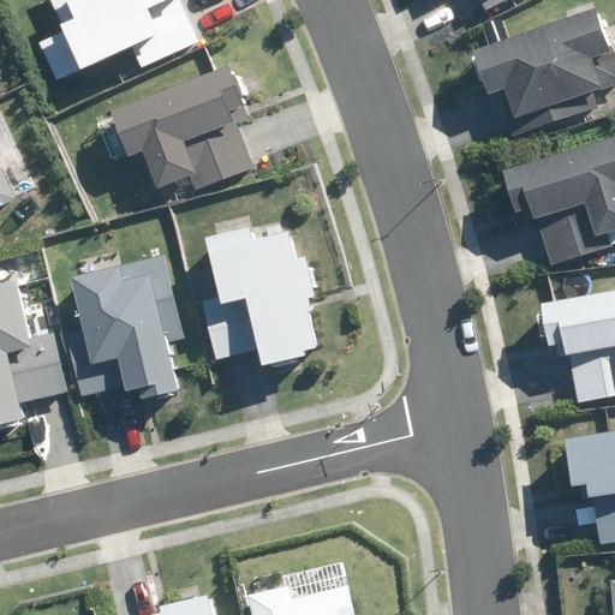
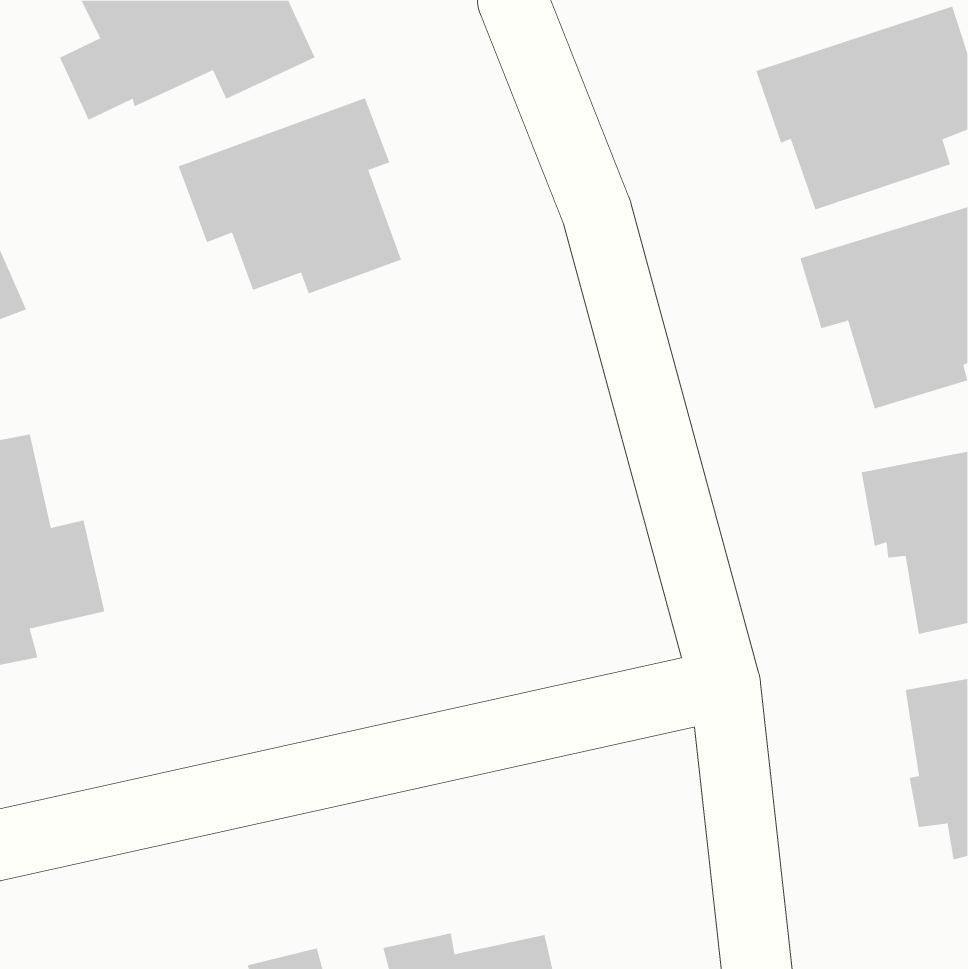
building: [201,226,318,365] -> none
building: [64,256,183,399] -> none

